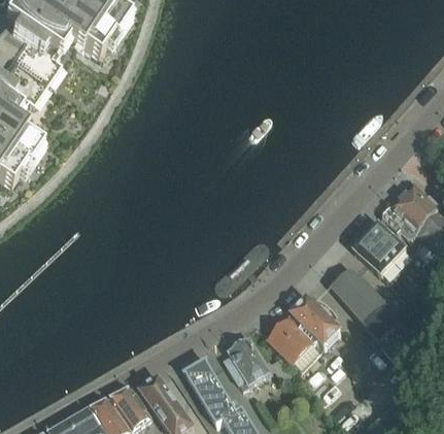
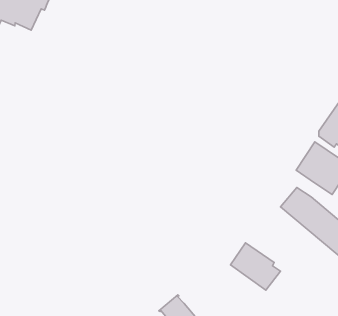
building: [285,298,338,347] -> none
building: [221,339,291,385] -> none

